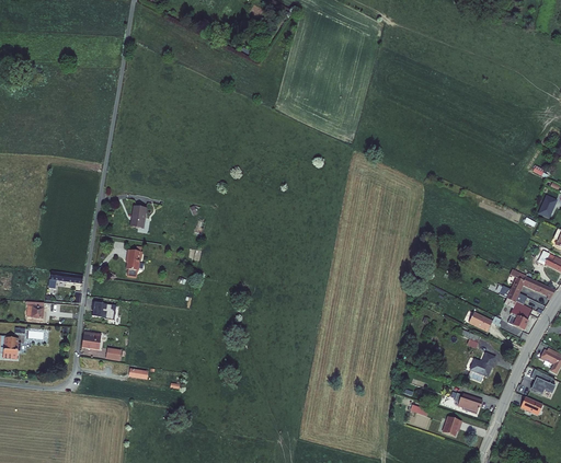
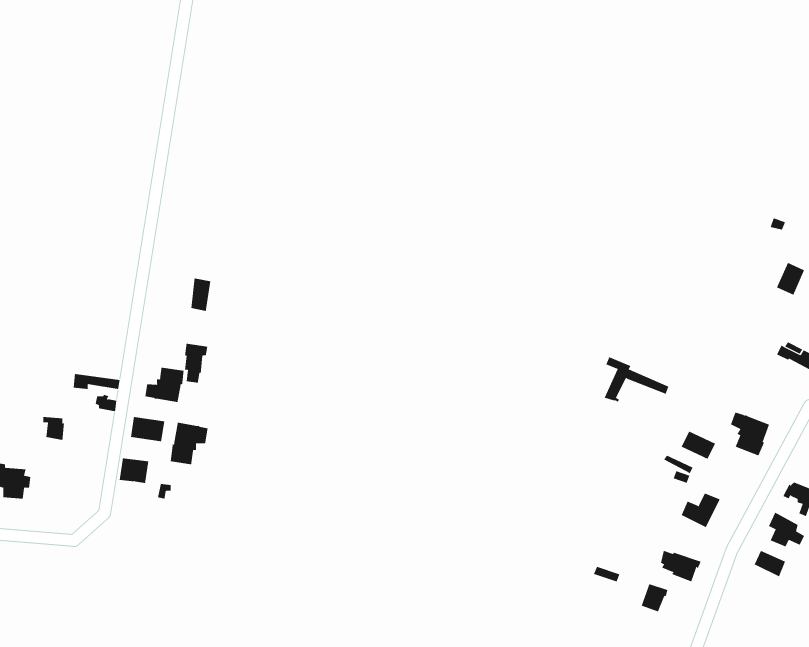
building: none -> [145,367,184,403]
building: [506,270,551,302] -> [604,356,669,403]
building: none -> [170,422,208,465]

